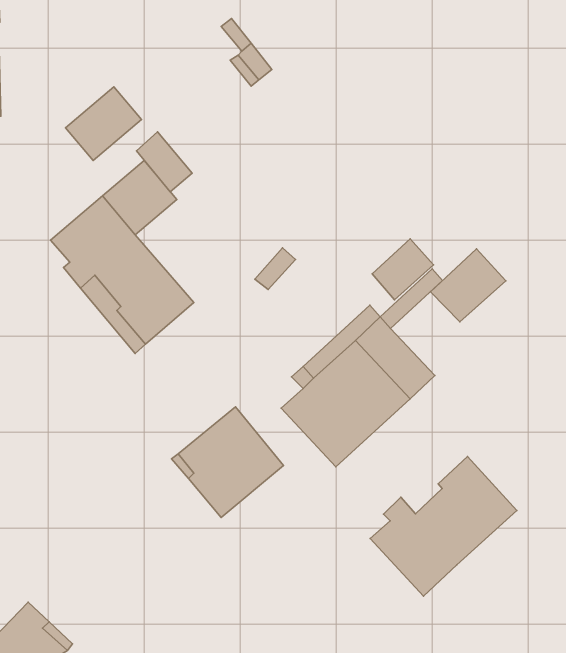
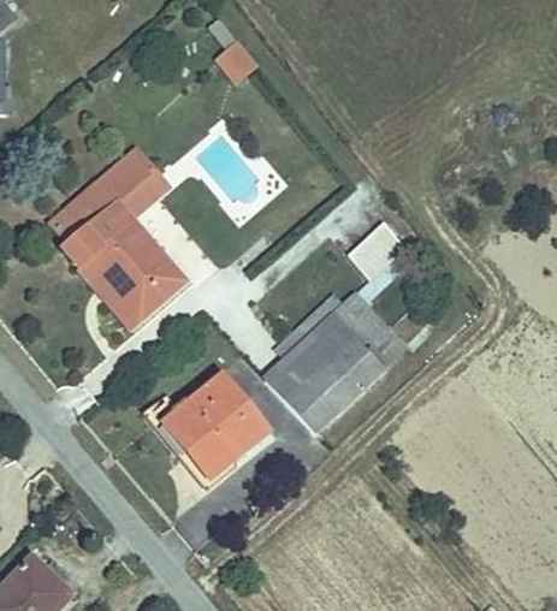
building: [66,87,142,160] -> none
building: [137,132,192,192] -> none
building: [430,249,506,322] -> none
building: [370,456,517,596] -> none

